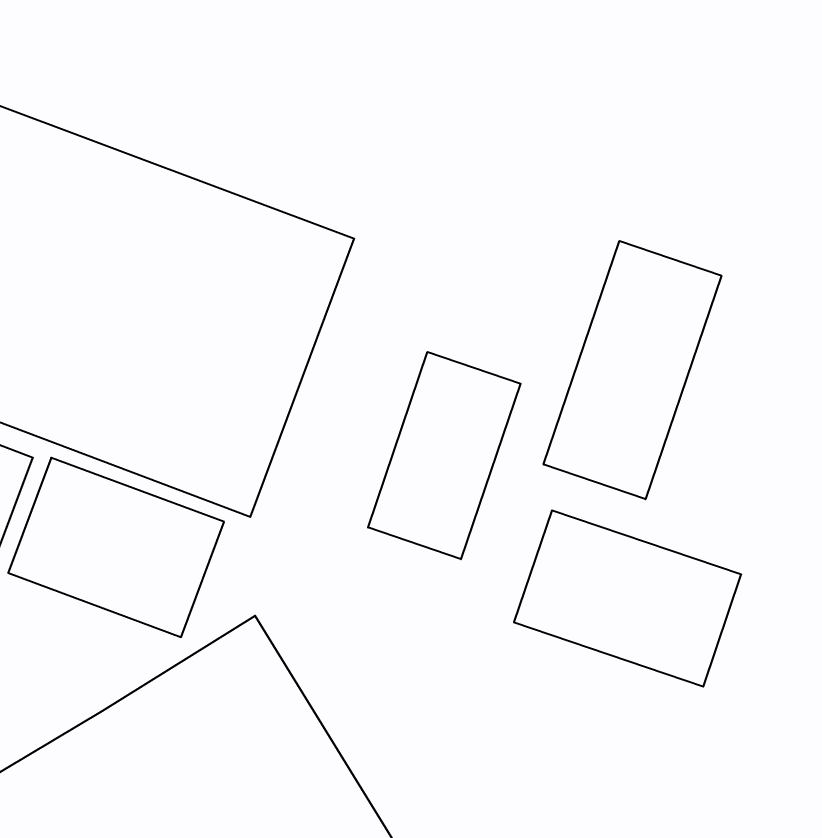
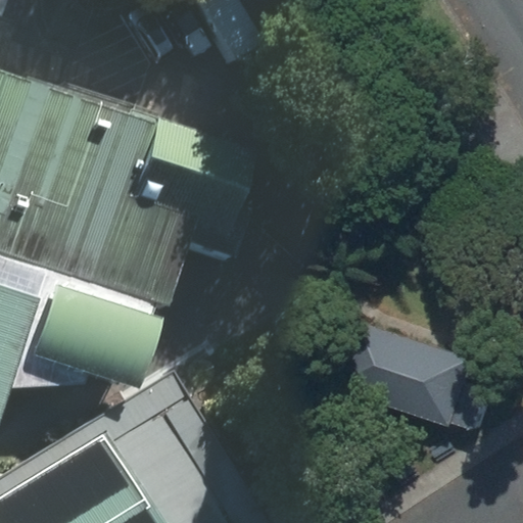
building: [544,241,721,499] -> none
building: [368,352,521,559] -> none

